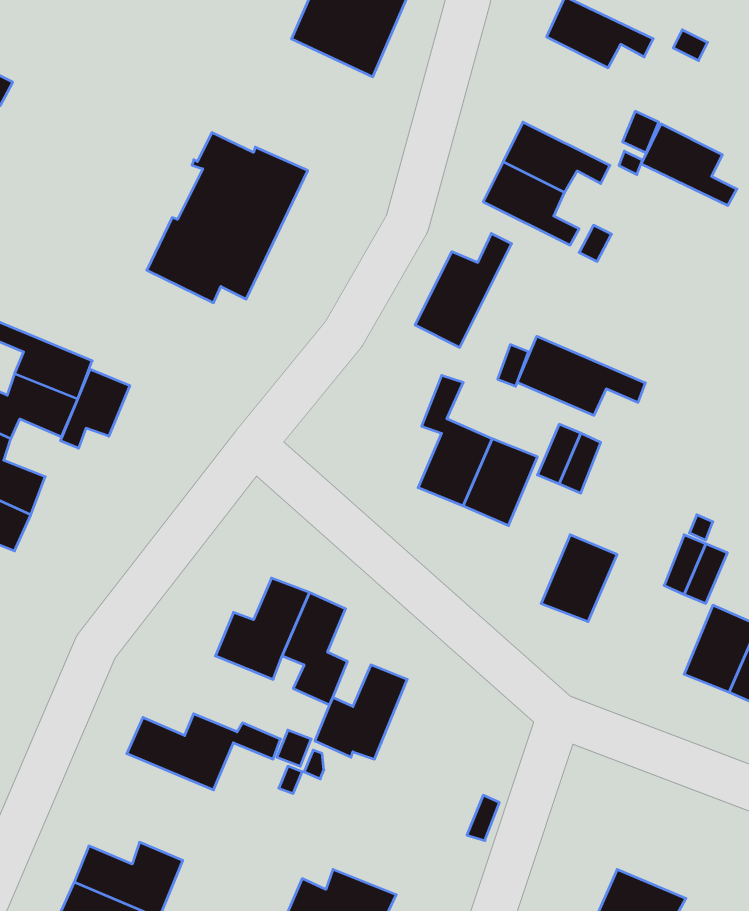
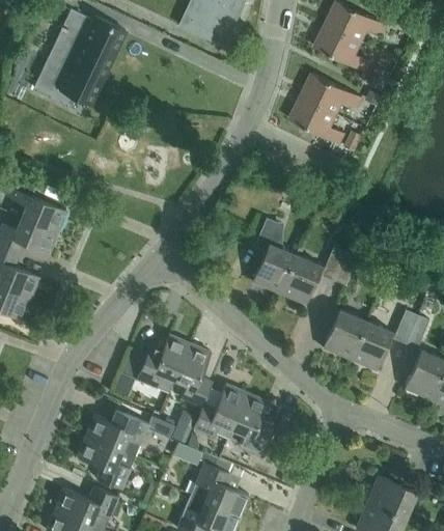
building: [641,124,737,205] -> [314,25,369,72]
building: [147,133,308,303] -> [33,9,126,107]
building: [415,233,512,347] -> none
building: [517,336,645,415] -> none
building: [61,369,130,448] -> none
building: none -> [350,322,391,371]
building: none -> [227,393,270,456]
building: none -> [77,436,135,490]
building: none -> [190,454,248,516]
building: none -> [366,476,416,519]

